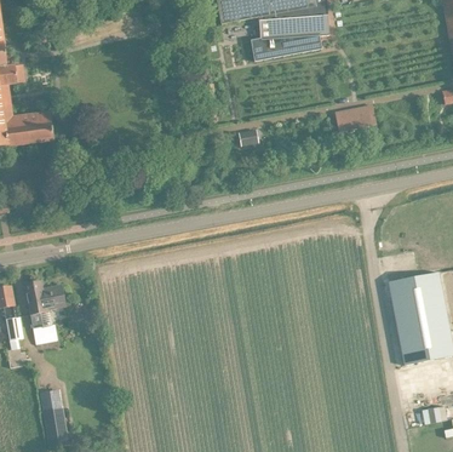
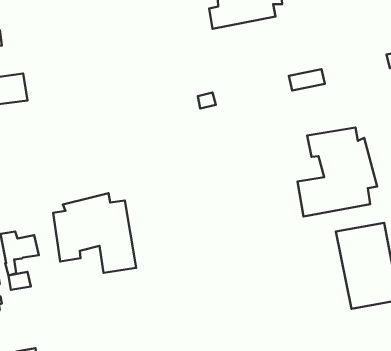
building: none -> [298,128,377,217]
building: none -> [53,193,136,273]

